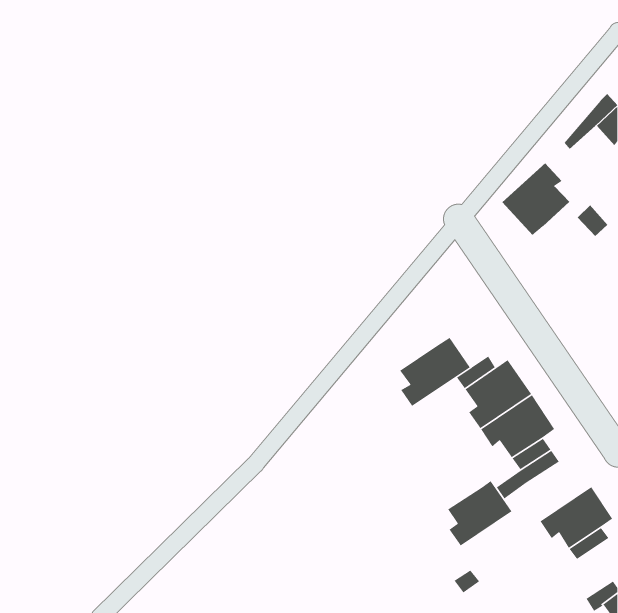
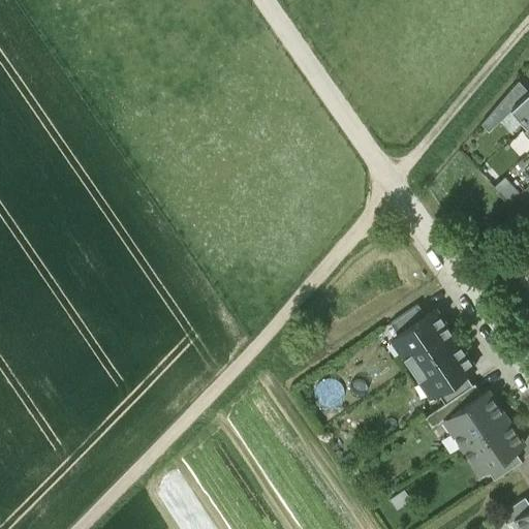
building: [502,162,570,236] -> none
building: [399,337,471,407] -> none
building: [447,480,513,547] -> [449,393,505,449]

